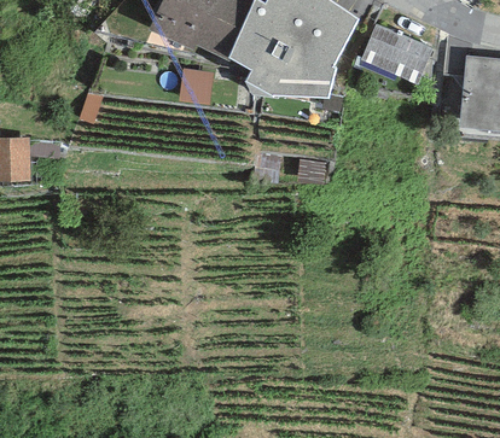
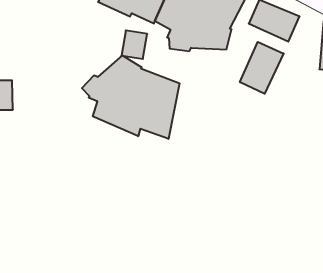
building: none -> [240,42,284,94]
building: none -> [82,56,180,139]

